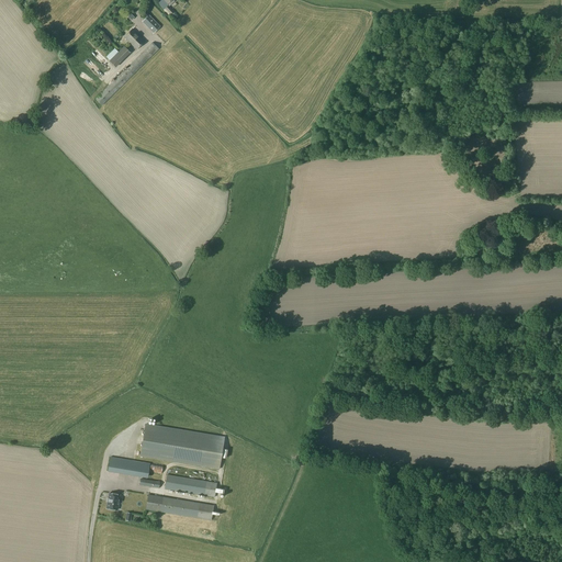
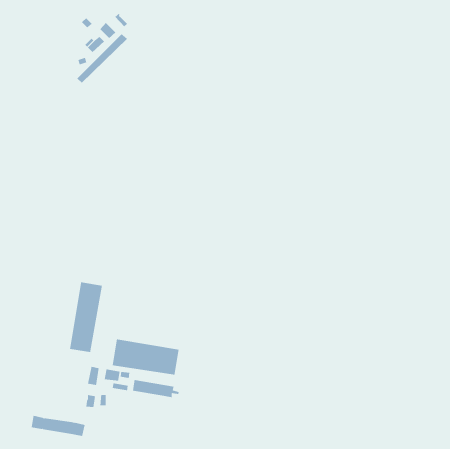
building: none -> [69,281,103,353]
building: [146,493,214,519] -> [31,415,86,436]

